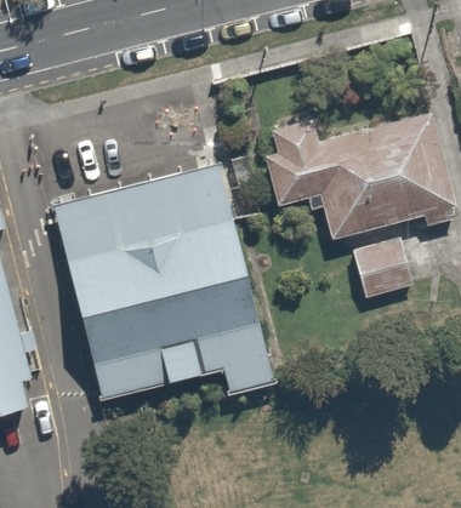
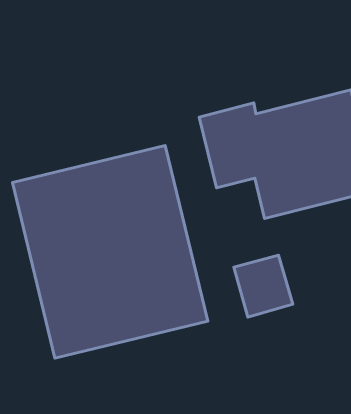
building: [351,232,416,301] -> [234,255,293,317]

